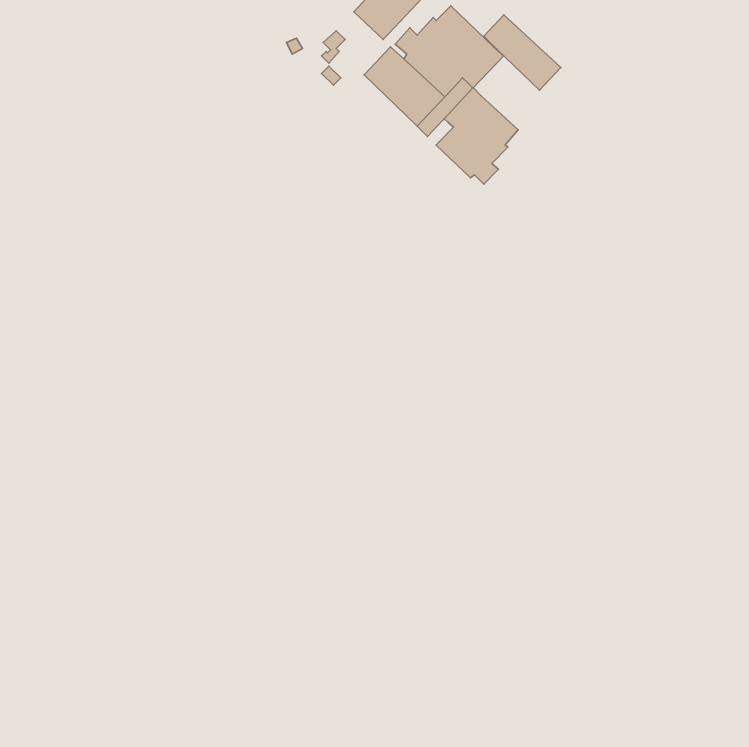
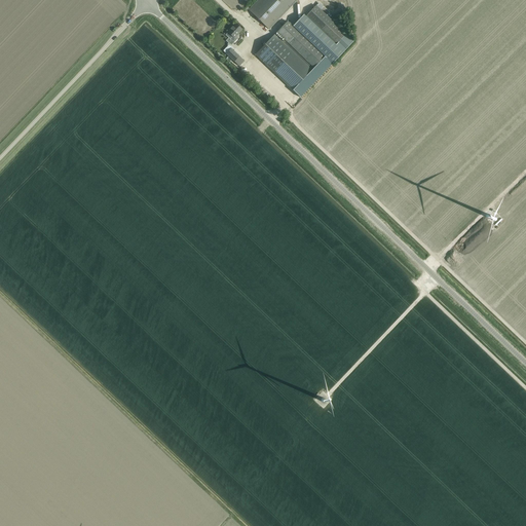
building: [484,15,561,90] -> none
building: [436,88,518,184] -> none

